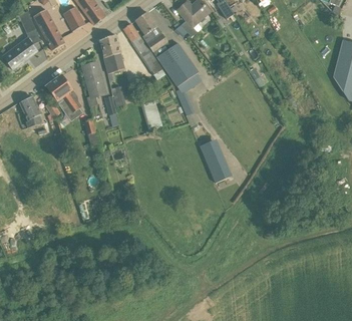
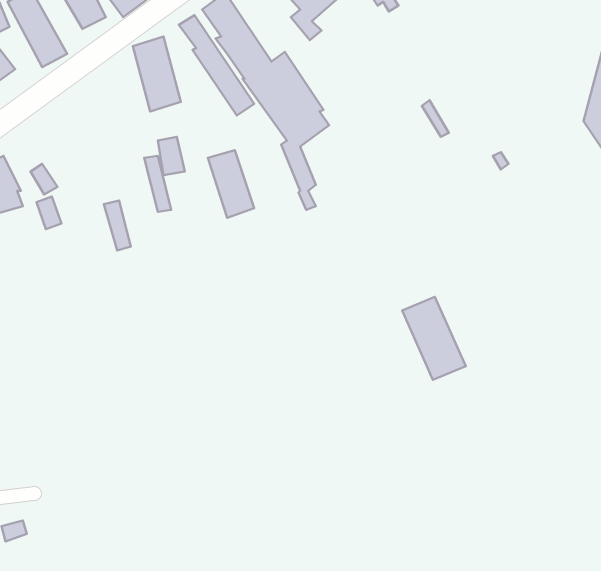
building: [82,61,106,97] -> none
building: [46,74,79,116] -> none
building: [200,137,233,181] -> [402,297,466,380]

